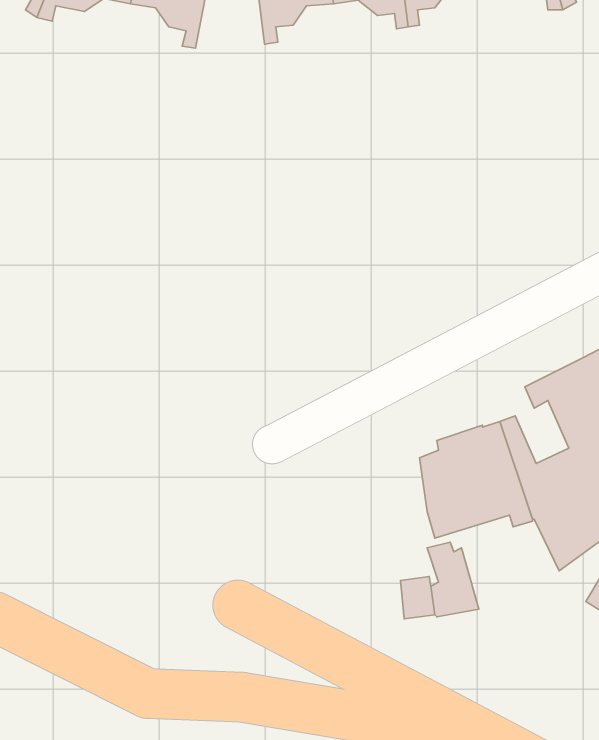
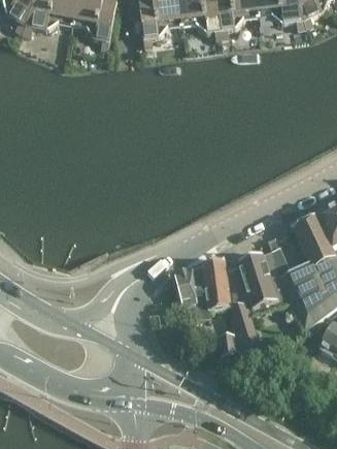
building: none -> [175,255,231,317]

